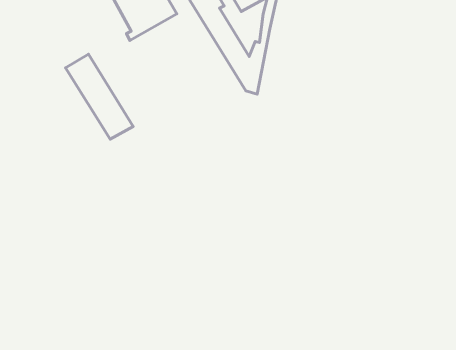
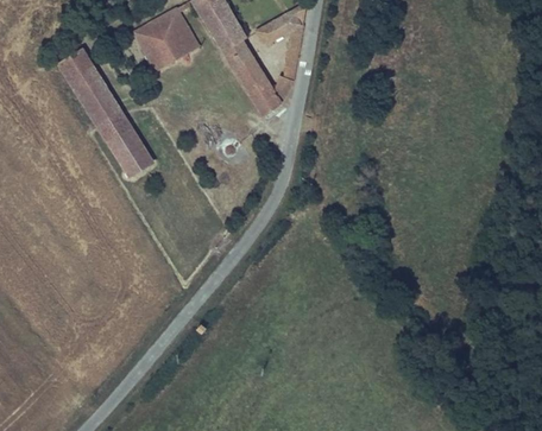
building: none -> [58,49,107,102]

